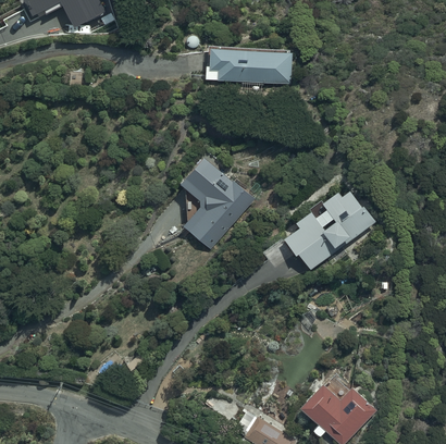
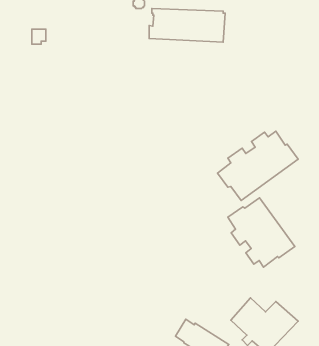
building: [182,152,255,247] -> none
building: none -> [228,198,295,267]

